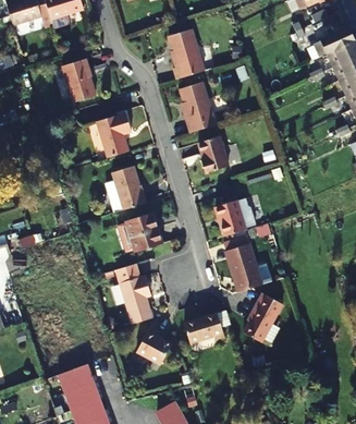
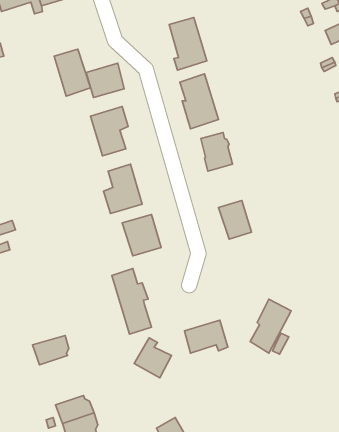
building: none -> [86,63,124,98]
building: [226,244,261,292] -> none
building: [57,363,90,390] -> [32,335,69,365]

